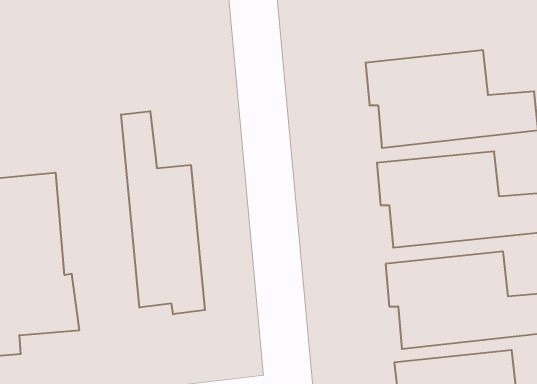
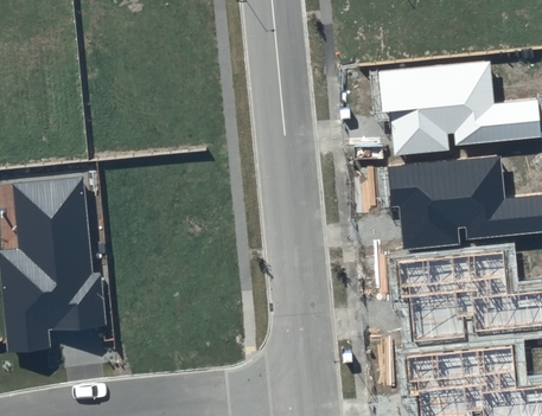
building: [121,111,205,314] -> none

